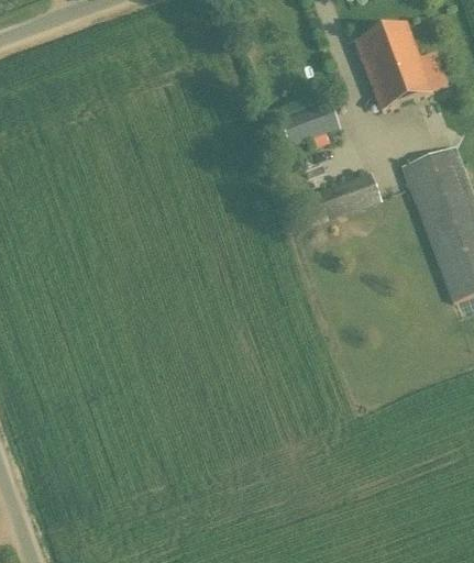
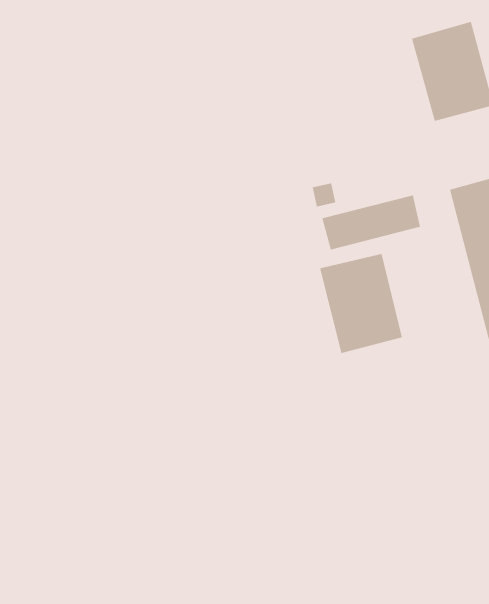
building: [279,98,340,145] -> none
building: none -> [320,253,403,354]

